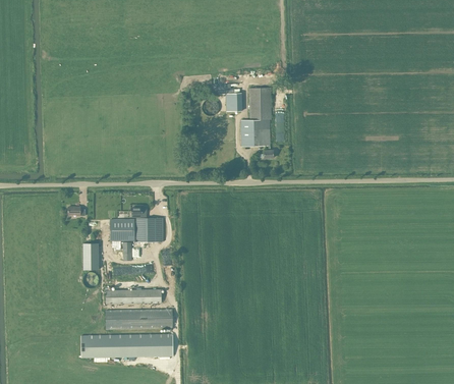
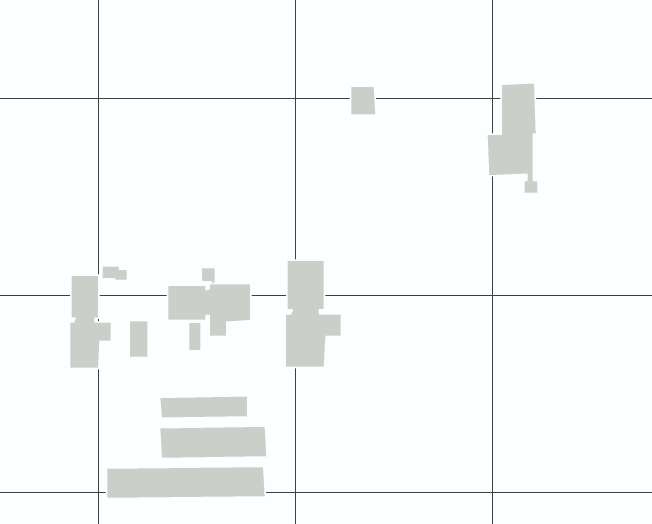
building: [241,88,274,158] -> [487,83,538,193]
building: none -> [285,260,342,368]
building: none -> [70,275,112,368]

